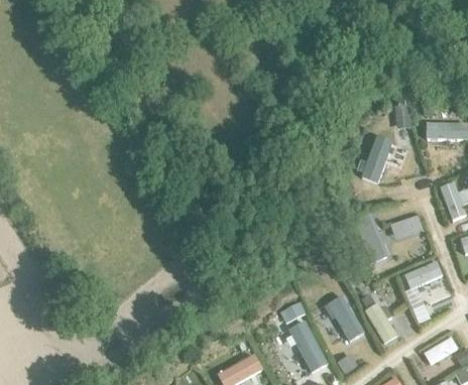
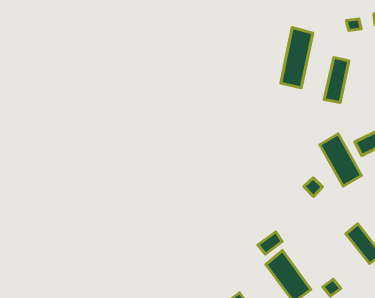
building: none -> [281,28,313,88]
building: [323,293,365,344] -> none

